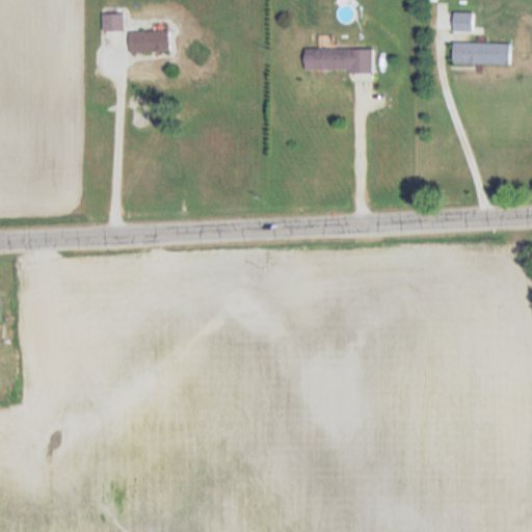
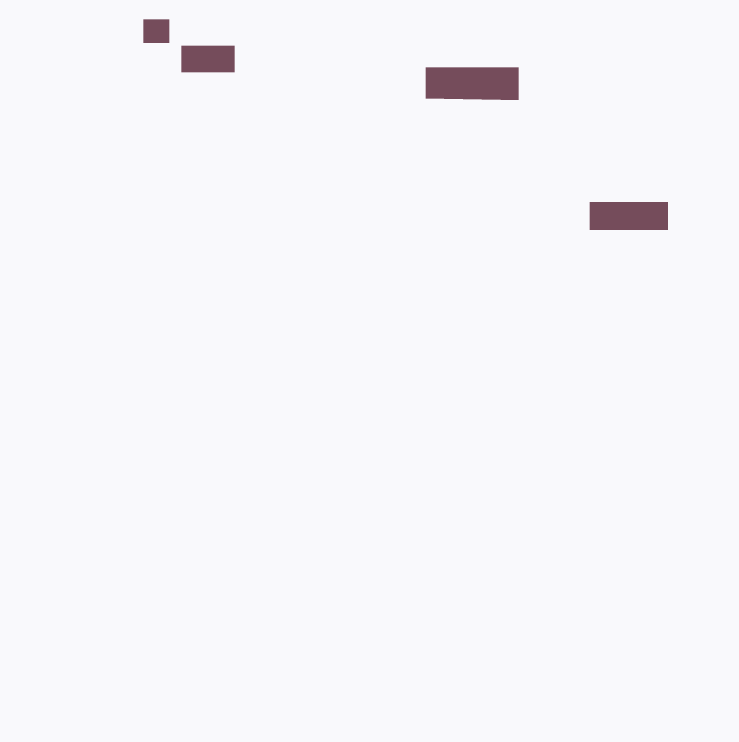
building: [452,11,472,31] -> none
building: [452,43,509,63] -> [589,202,669,231]

